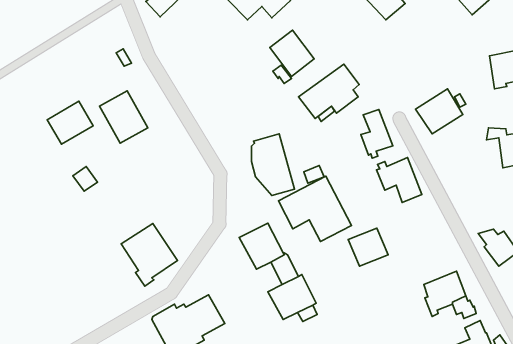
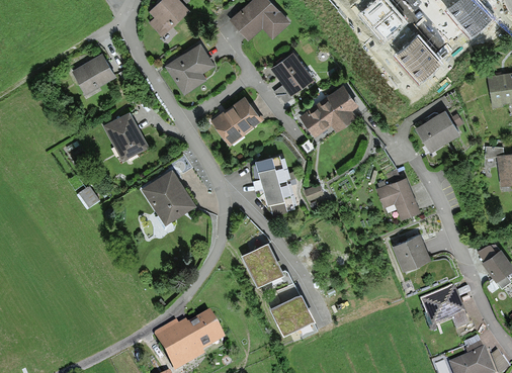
building: none -> [165,41,217,95]
building: none -> [399,41,439,82]
building: none -> [211,94,264,145]
building: [47,101,93,144] -> [72,53,117,95]
building: [361,109,393,158] -> none
building: [278,176,352,241] -> none
building: [121,223,178,286] -> [142,169,197,230]
building: [348,228,388,266] -> [393,234,432,271]

